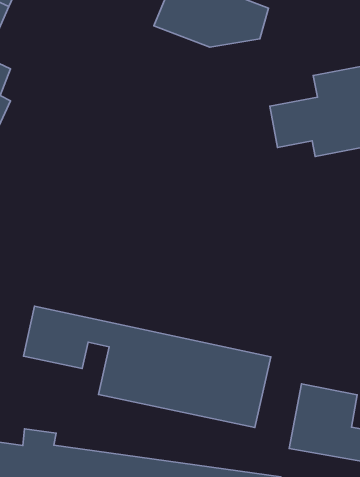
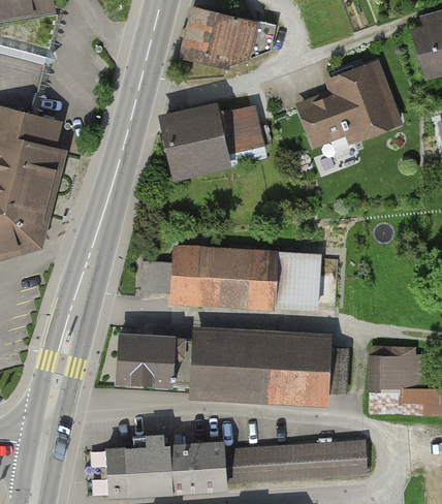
building: none -> [161,103,269,177]
building: none -> [168,247,319,313]

